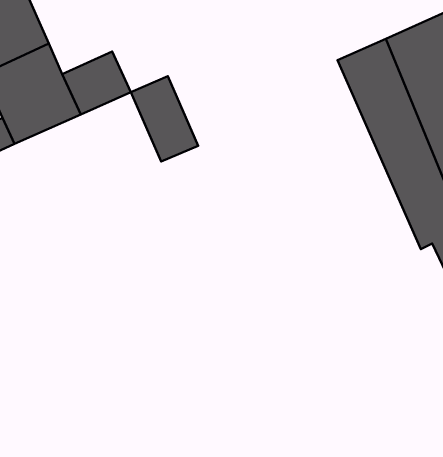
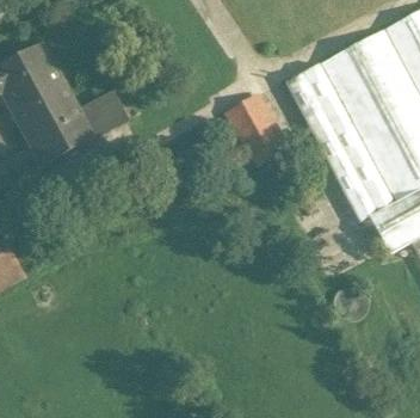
building: [131,76,198,162] -> [233,96,288,161]

